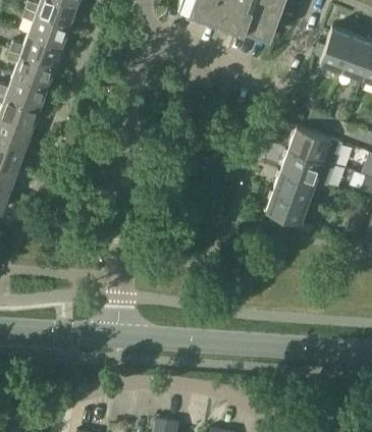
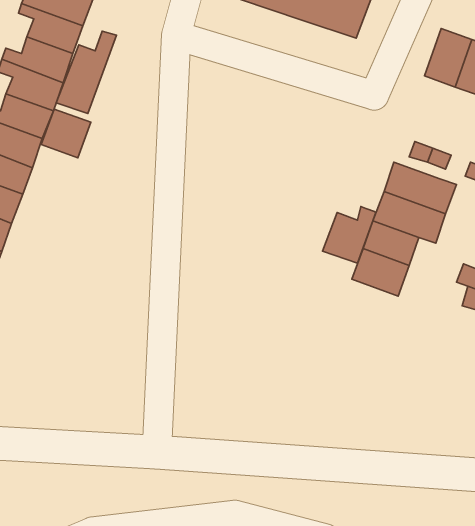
building: none -> [56,31,116,114]
building: none -> [41,109,91,158]
building: none -> [322,207,376,263]

